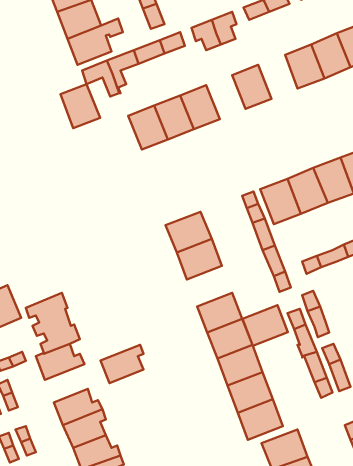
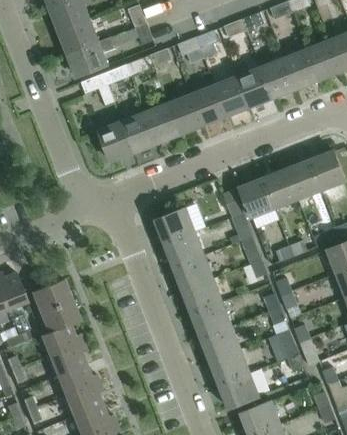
building: none -> [237,68,272,107]
building: none -> [191,86,226,125]
building: [61,84,100,128] -> [99,122,134,161]
building: [243,305,288,346] -> [174,255,214,291]
building: [101,345,143,383] -> [48,342,86,376]

